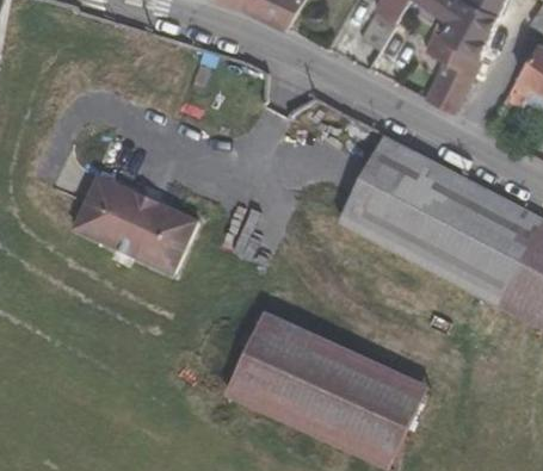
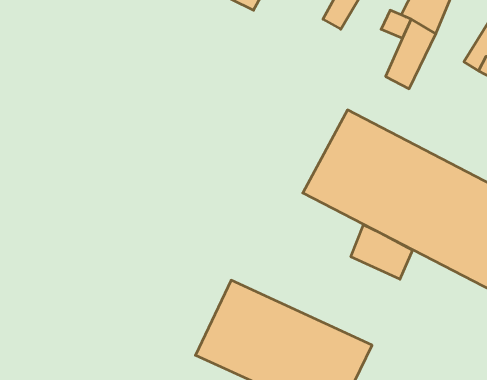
building: [72,180,197,278] -> none
building: none -> [351,225,413,279]

